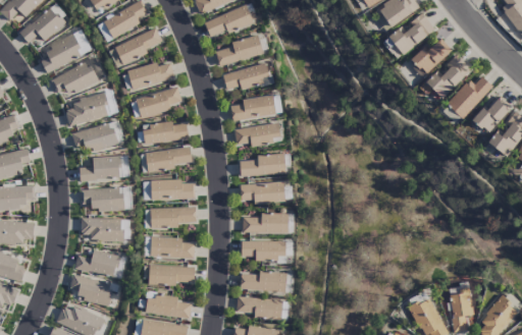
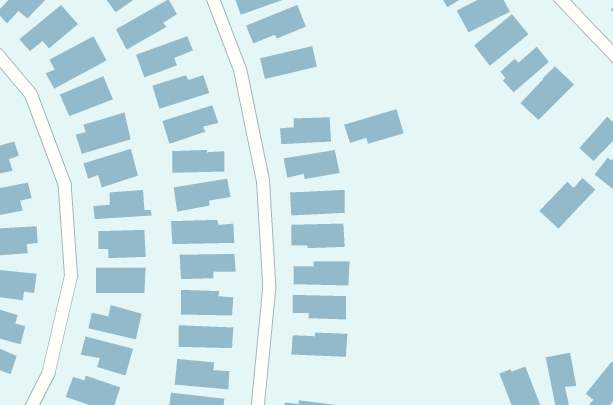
building: [222,61,272,91] -> [343,108,405,145]
building: [447,75,493,118] -> [539,177,596,230]
building: [237,295,283,320] -> none

